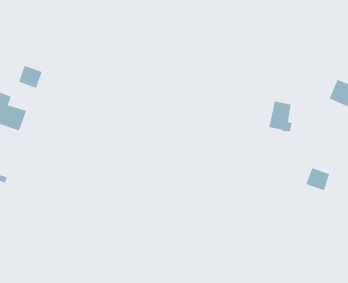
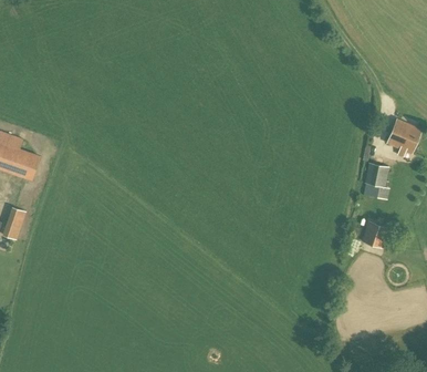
building: [18,65,43,89] -> none
building: [269,100,293,132] -> [362,163,389,199]

